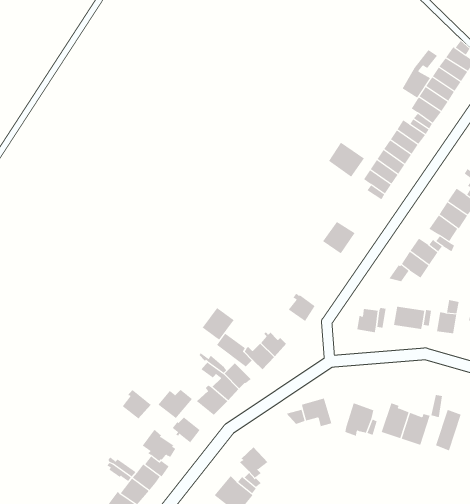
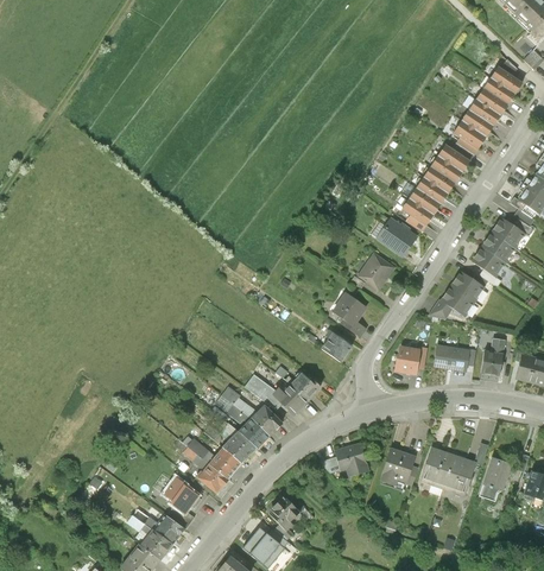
building: [402,49,438,98] -> none
building: [328,142,365,177] -> [377,217,416,255]
building: none -> [334,292,366,335]
building: [202,307,235,340] -> none
building: [122,389,152,419] -> [210,445,242,477]

